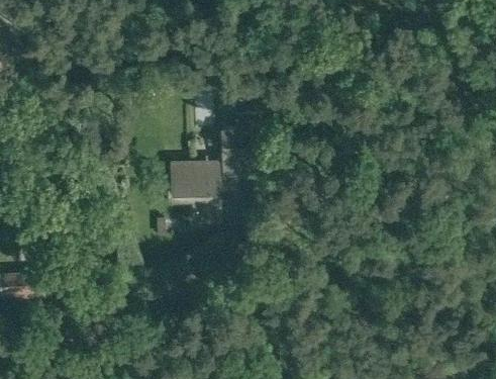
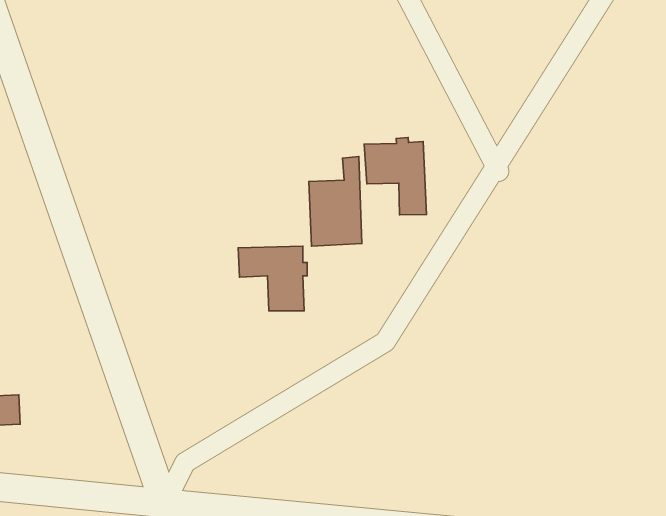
building: none -> [364,138,426,215]

